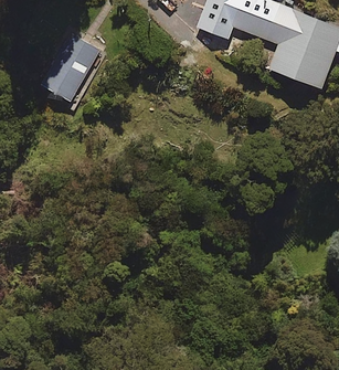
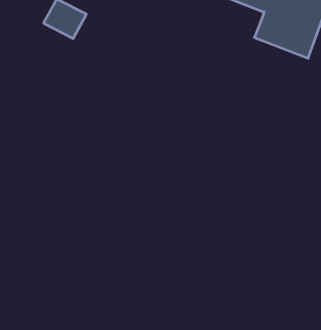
building: [43,57,85,102] -> none

